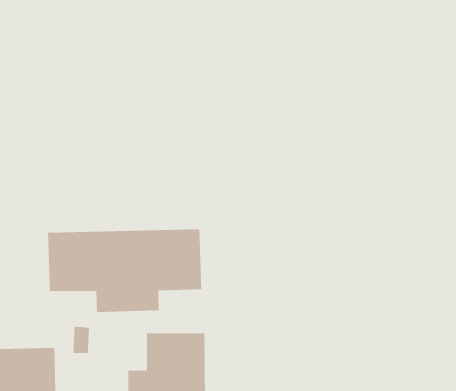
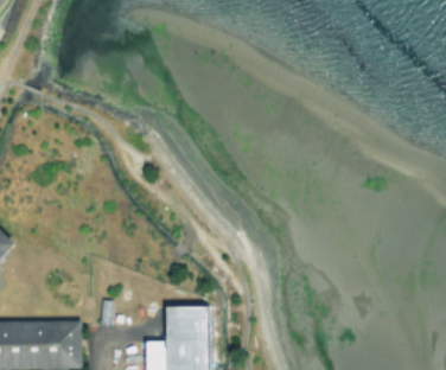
building: [47,229,202,313] -> none

